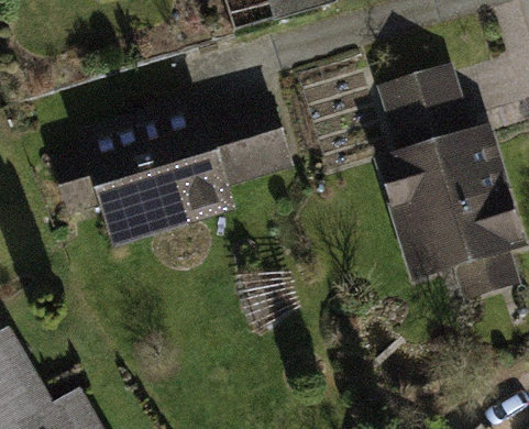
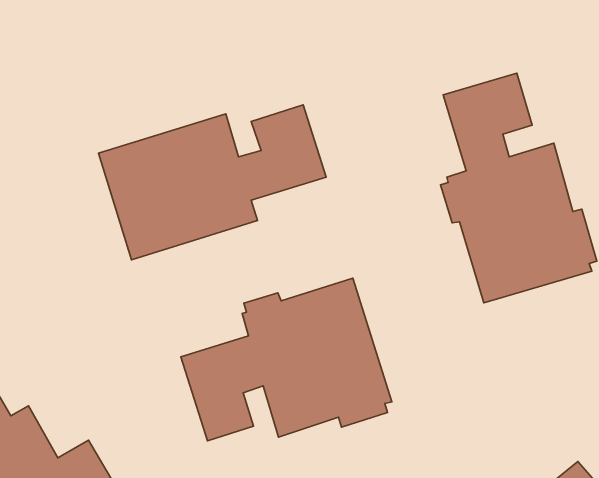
building: none -> [181,278,392,441]

